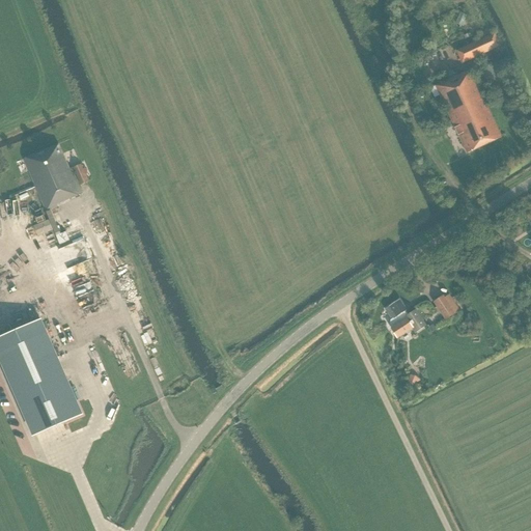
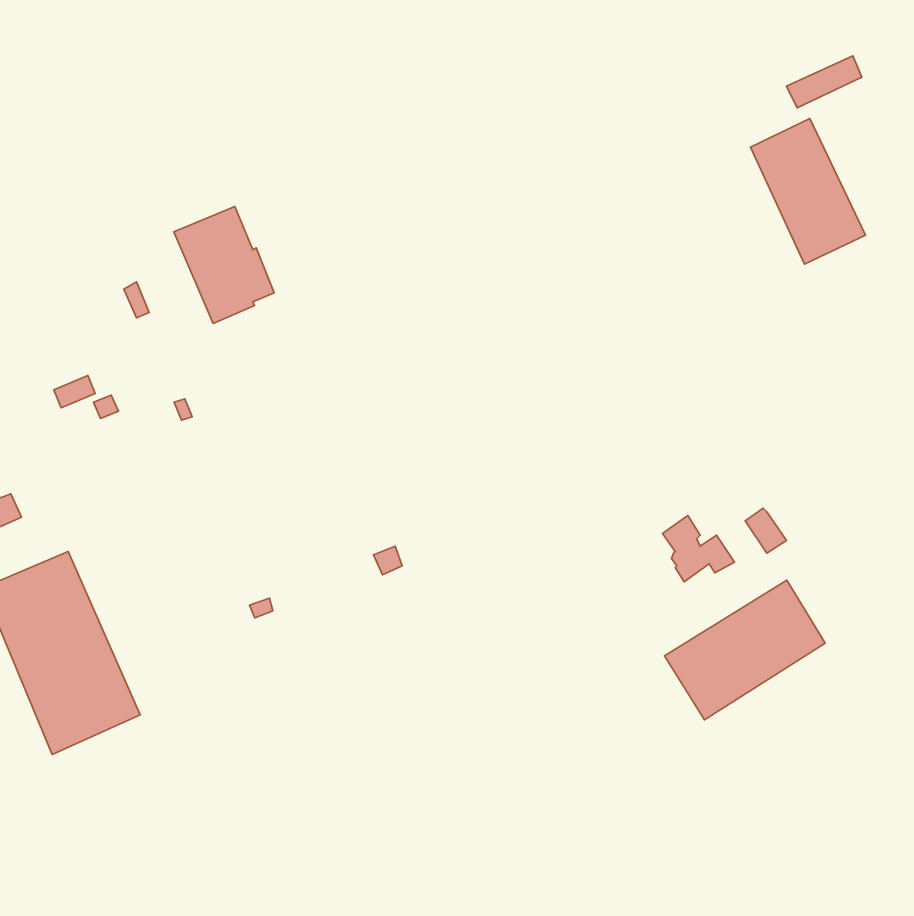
building: [22,143,80,211] -> [174,207,274,323]
building: none -> [665,580,825,720]

